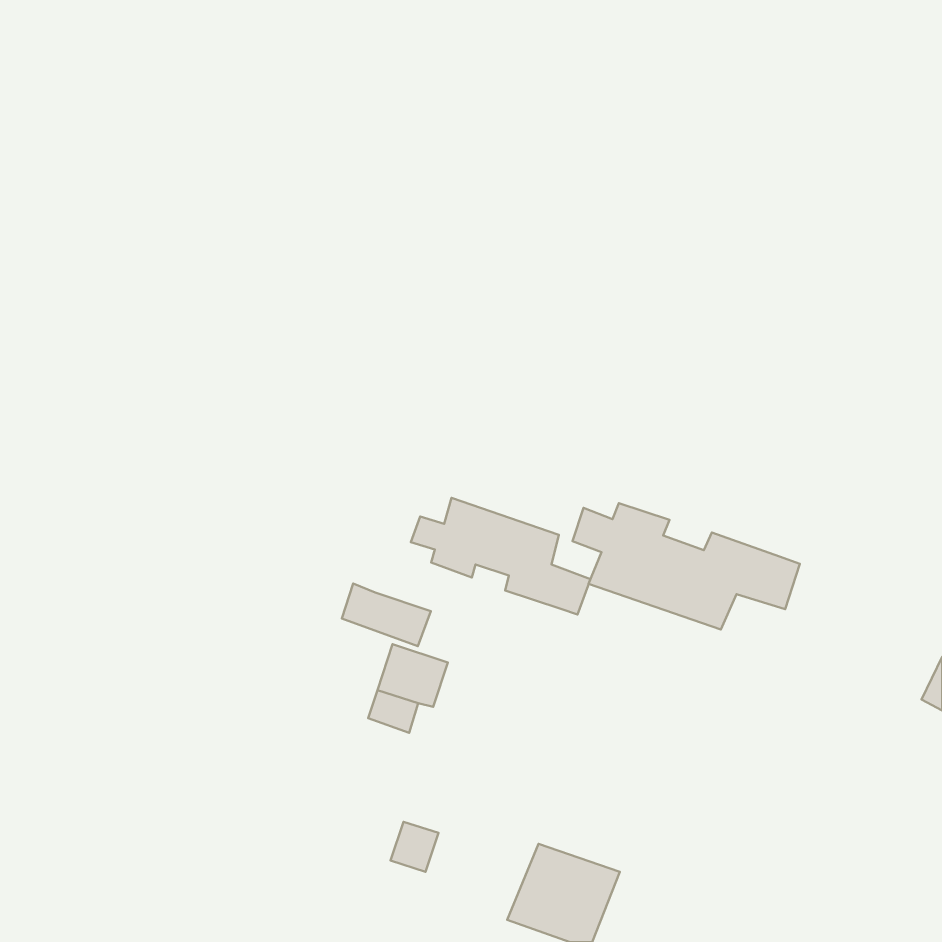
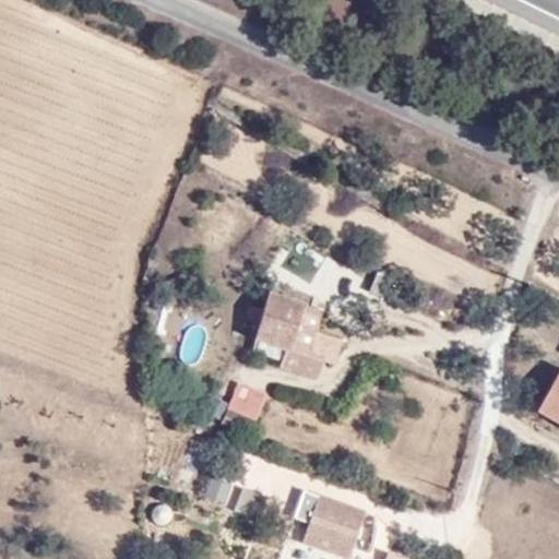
building: [573,503,800,630] -> none
building: [342,583,431,646] -> [278,343,331,380]

